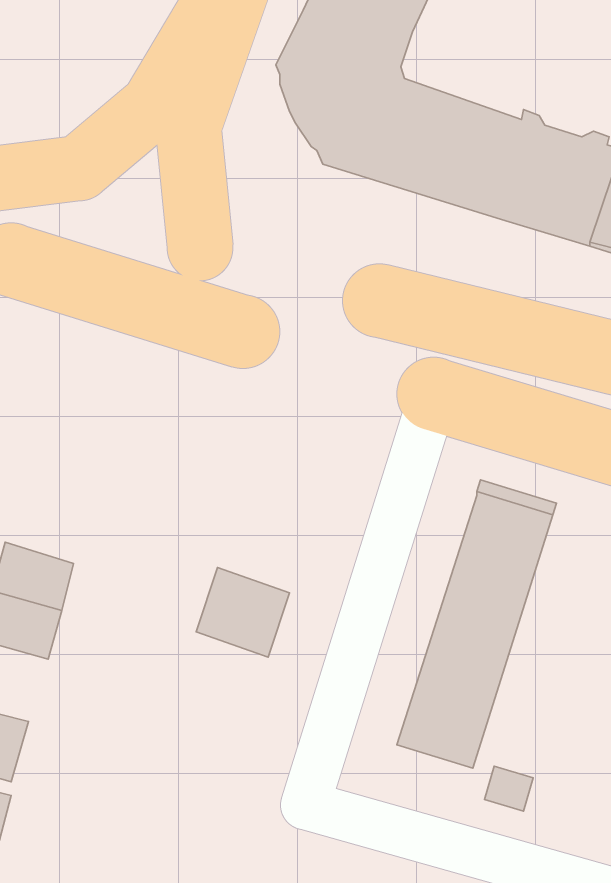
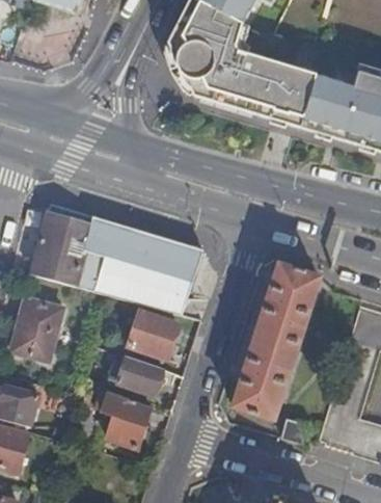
building: none -> [32,202,202,313]
building: none -> [117,354,163,394]
building: none -> [102,390,152,446]

